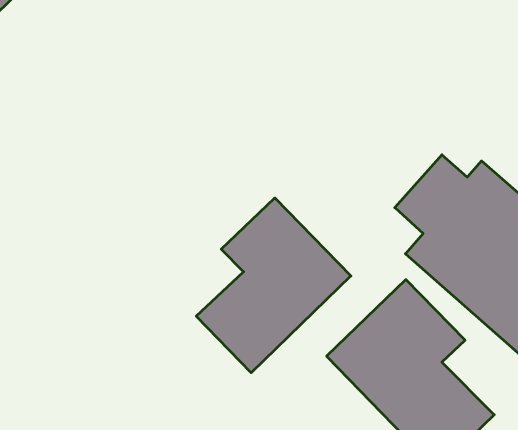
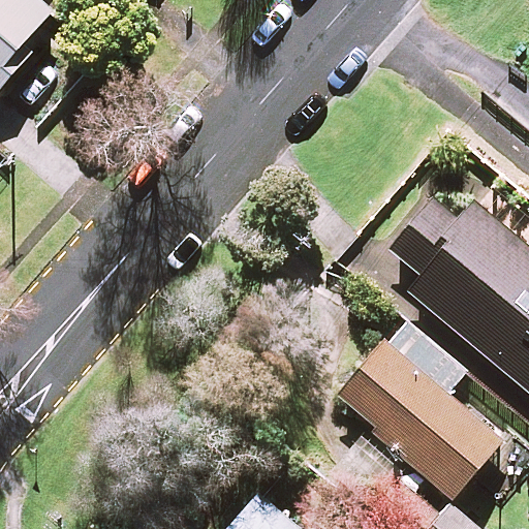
building: [196,198,351,373] -> none

